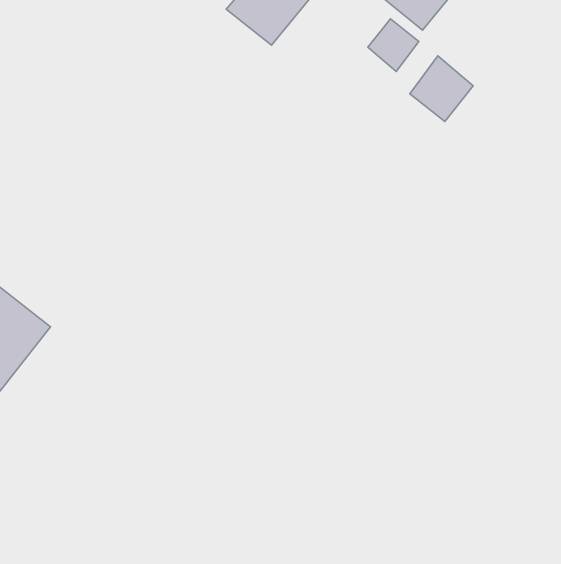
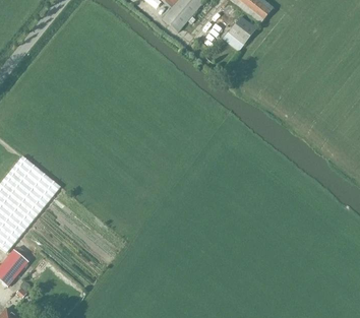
building: [410,56,473,122] -> none

